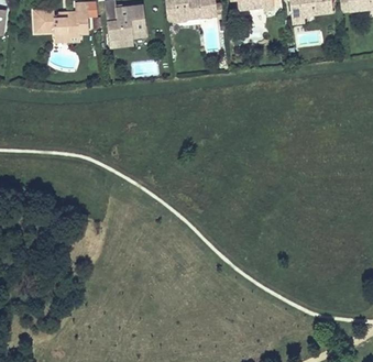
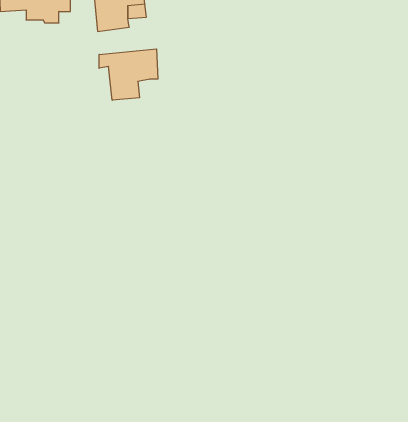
building: none -> [99,49,158,100]

